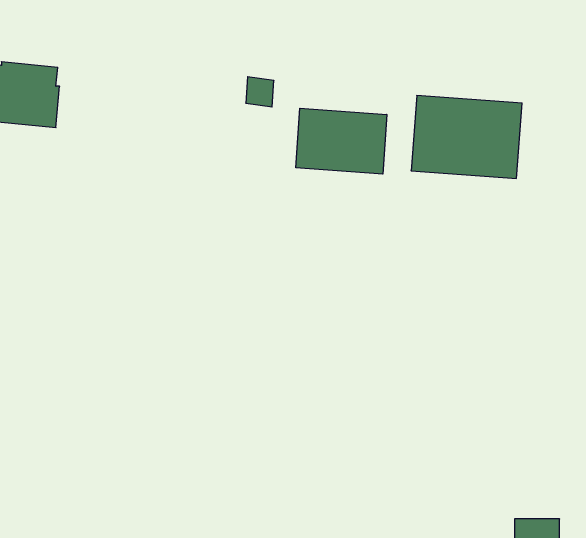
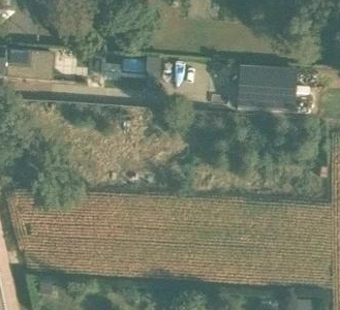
building: [296,108,387,174] -> none

